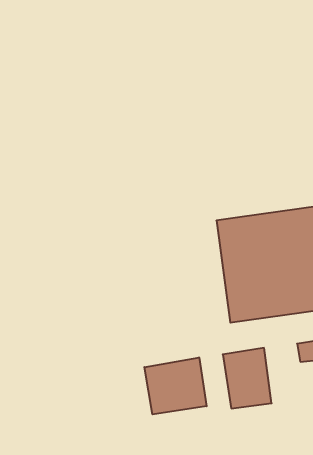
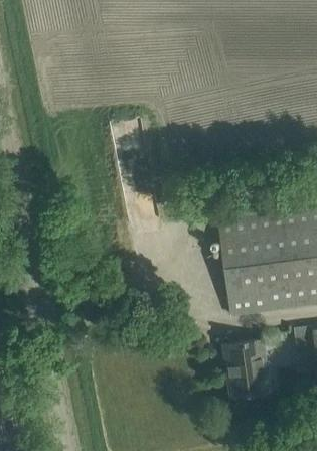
building: [144,357,207,414] -> none

